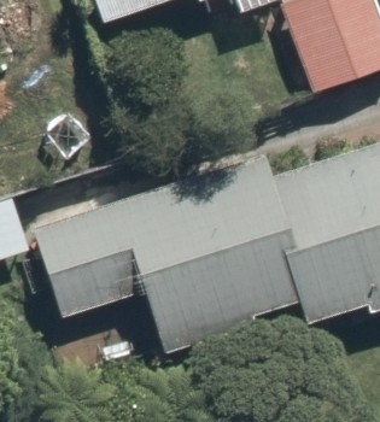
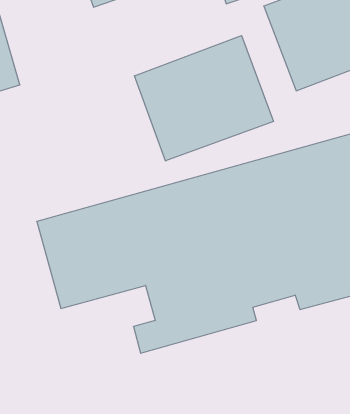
building: none -> [134,36,273,161]

